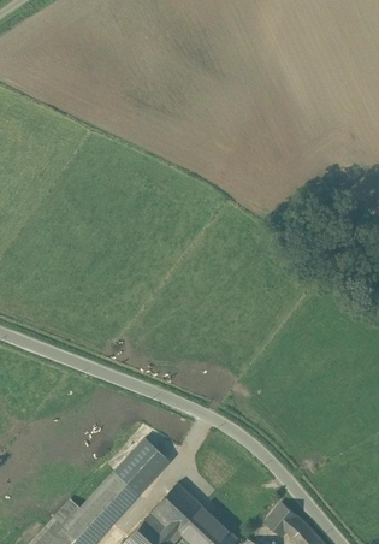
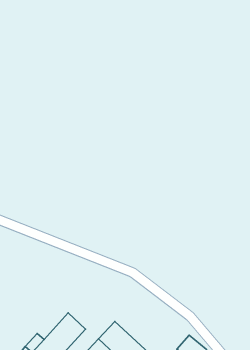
building: [122,430,179,496] -> none

